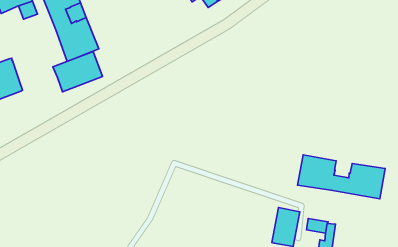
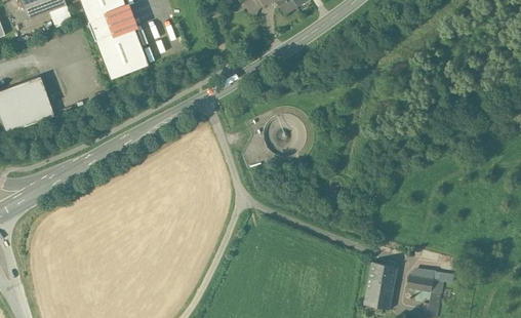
building: [53,51,103,92] -> none
building: [298,155,385,199] -> none

